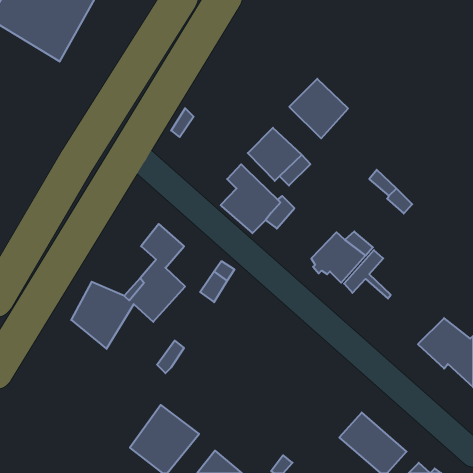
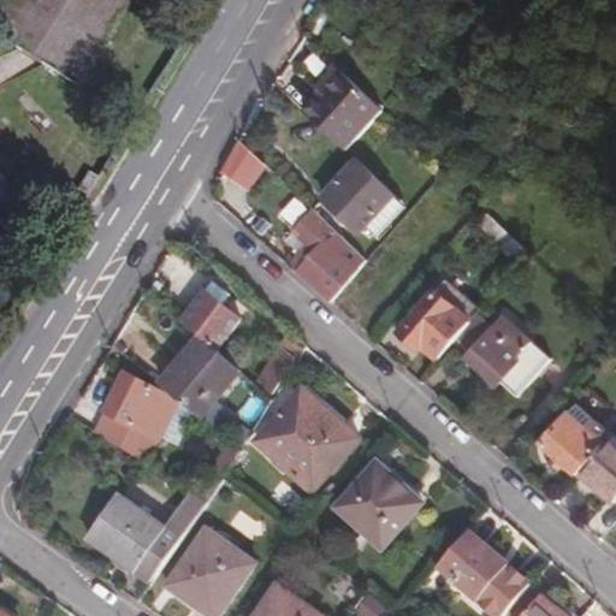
building: [289,79,348,138] -> [296,73,372,150]
building: none -> [475,324,551,402]
building: none -> [260,387,355,487]
building: none -> [336,462,419,545]
building: none -> [89,490,200,578]

